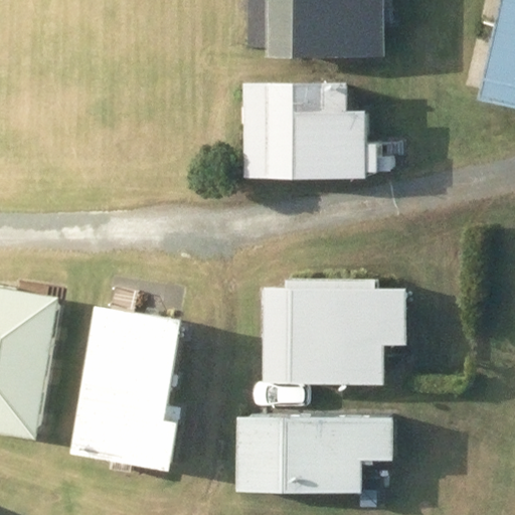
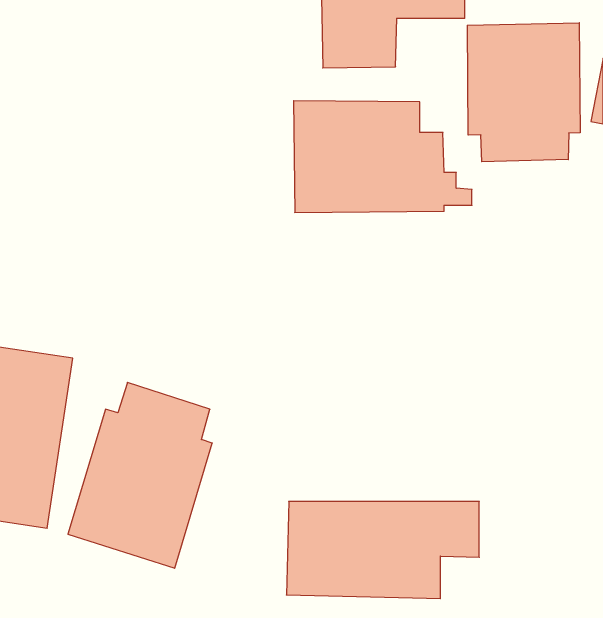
building: none -> [467,23,580,162]
building: [265,280,383,387] -> none

